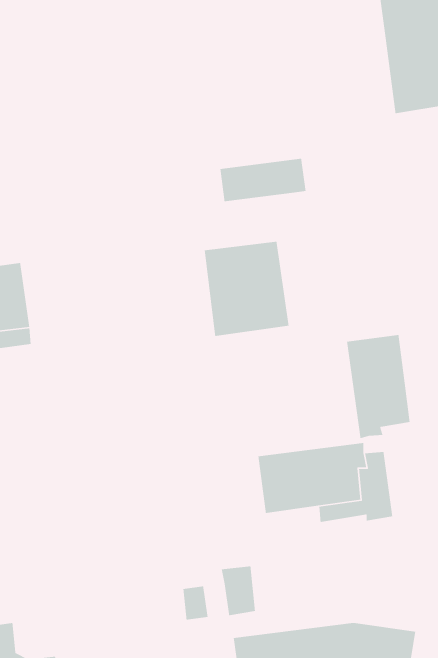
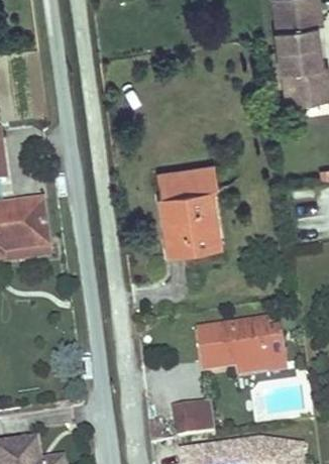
building: [219,158,306,202] -> [158,161,216,191]
building: [346,334,410,439] -> none

